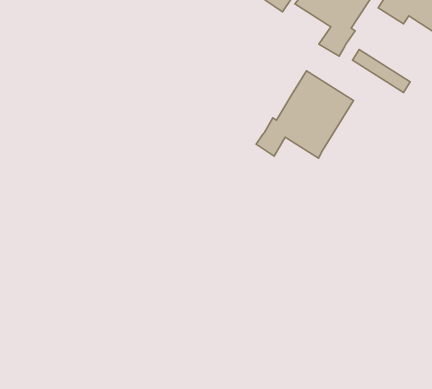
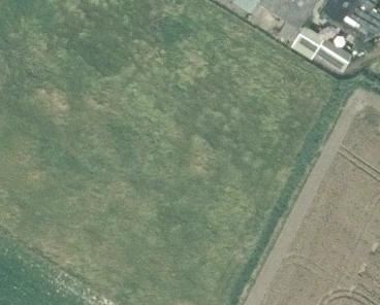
building: [256,71,354,158] -> none

